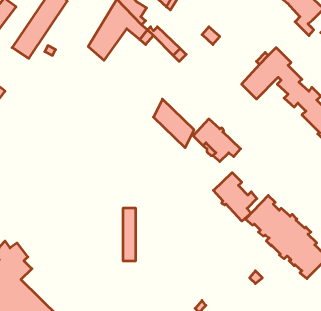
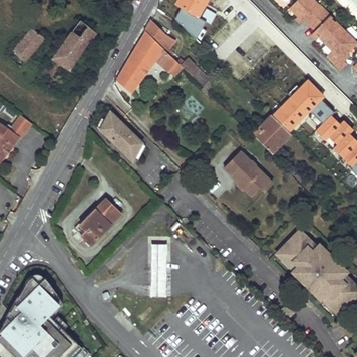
building: none -> [251,115,289,153]
building: [153,99,194,148] -> [100,111,141,160]
building: none -> [73,198,121,244]
building: [213,173,257,221] -> none

